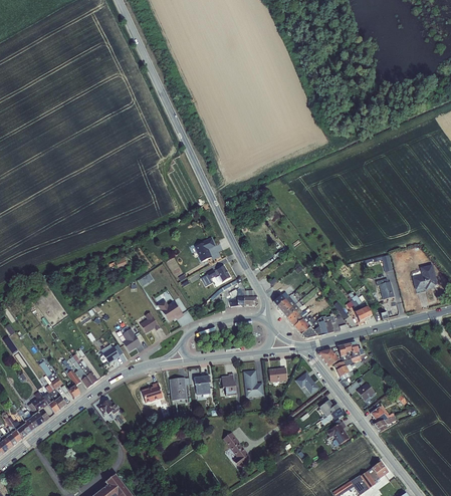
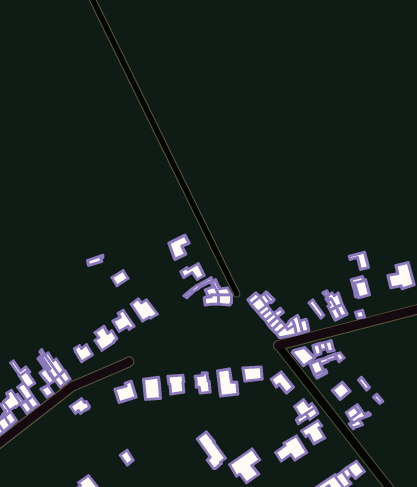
building: none -> [275,436,307,461]
building: none -> [229,449,260,483]

